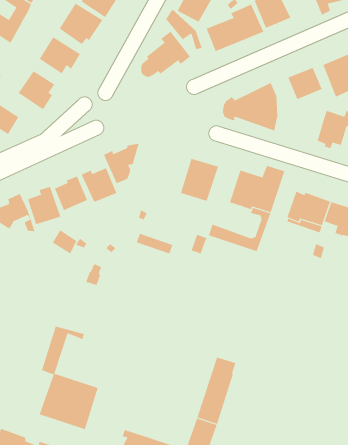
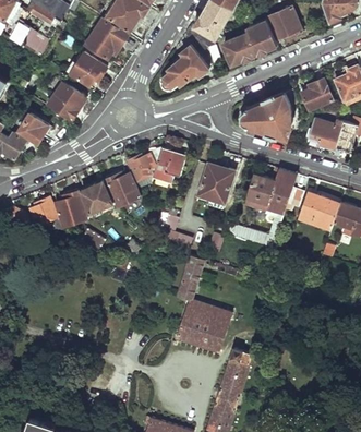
building: none -> [306,118,334,146]
building: none -> [153,147,186,182]
building: [39,326,98,430] -> [176,255,231,352]

